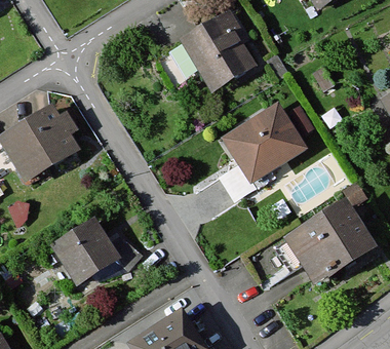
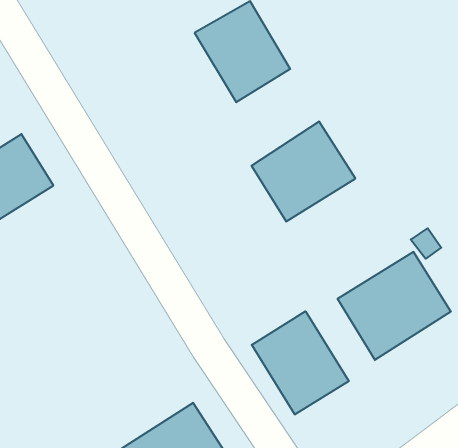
building: [52,220,122,286] -> none
building: none -> [252,311,349,415]

